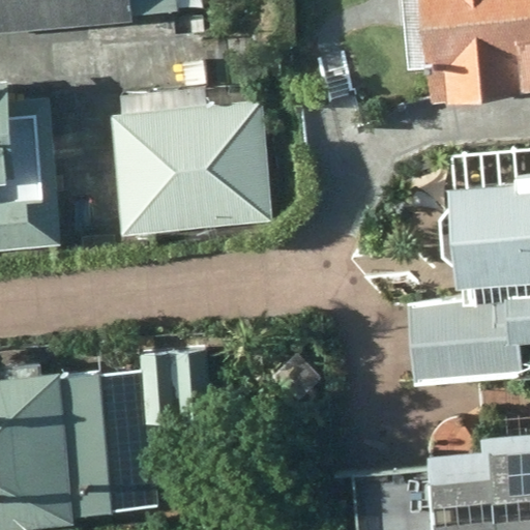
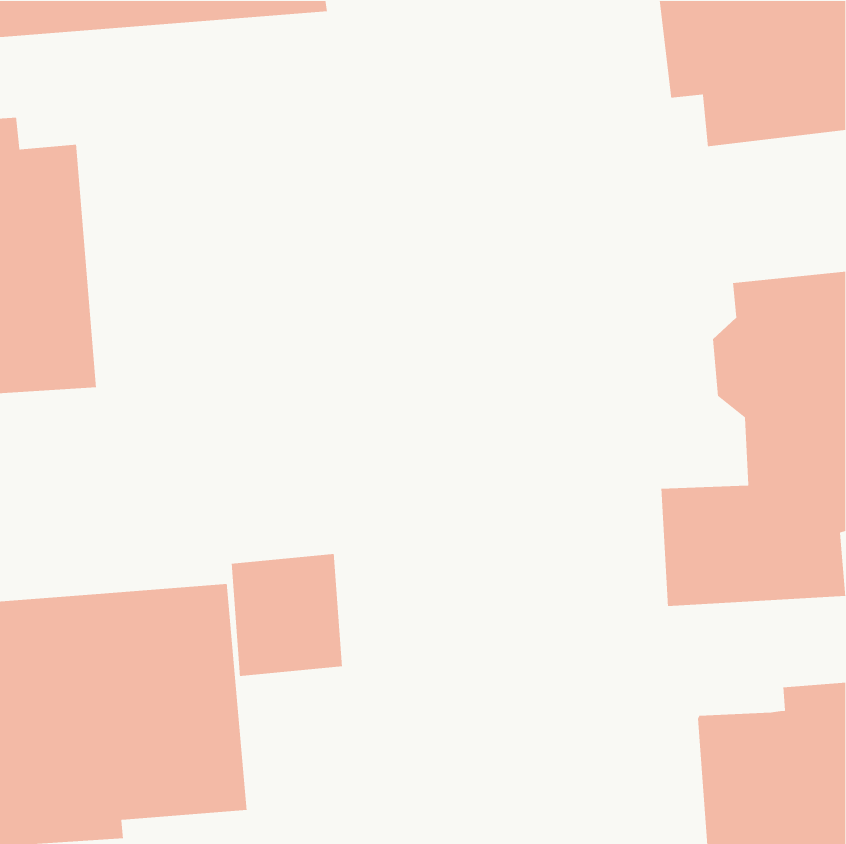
building: [114,102,268,232] -> none

